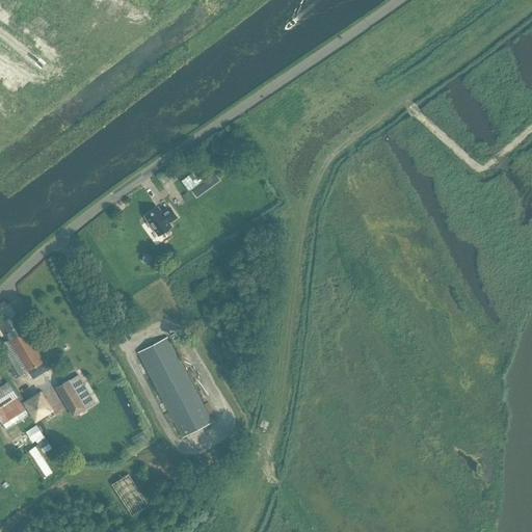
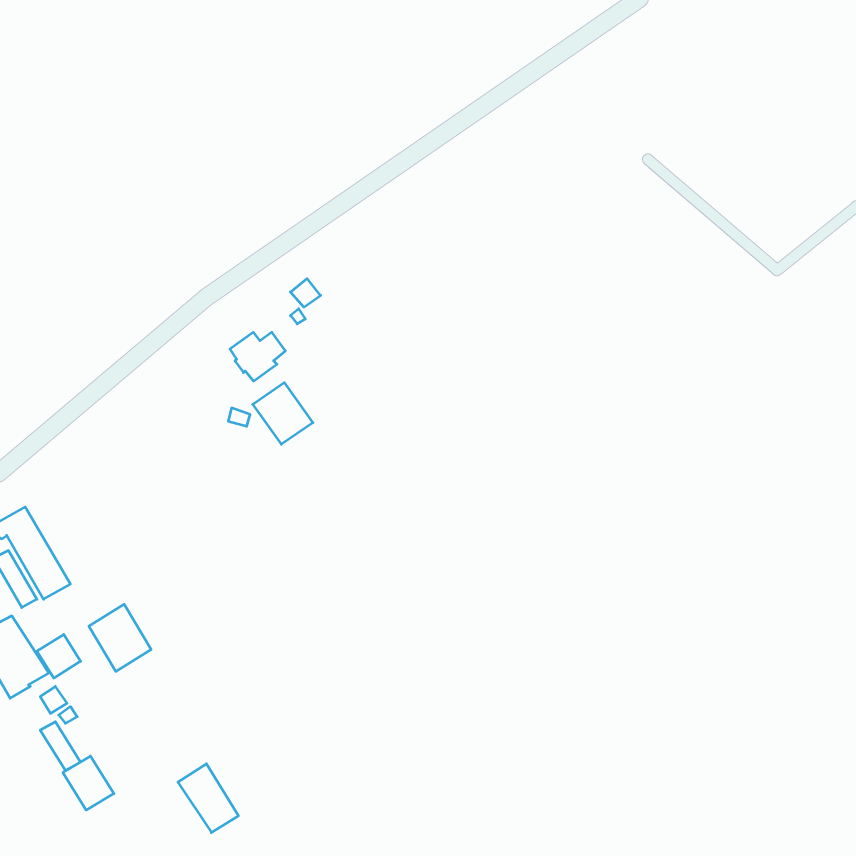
building: none -> [253,383,313,444]
building: [136,337,210,437] -> none
building: none -> [63,756,114,810]

